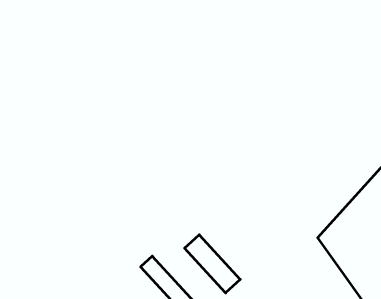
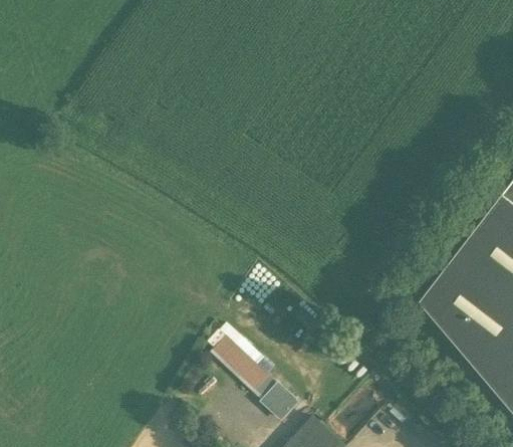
building: [185,235,240,293] -> none

